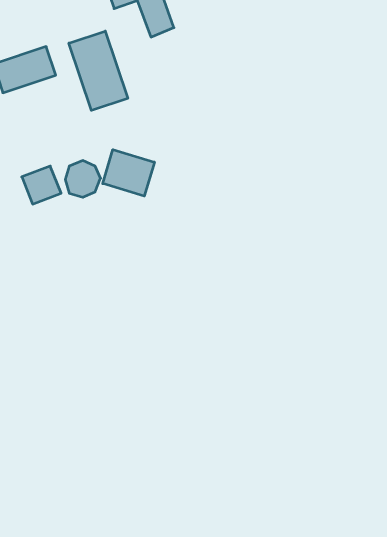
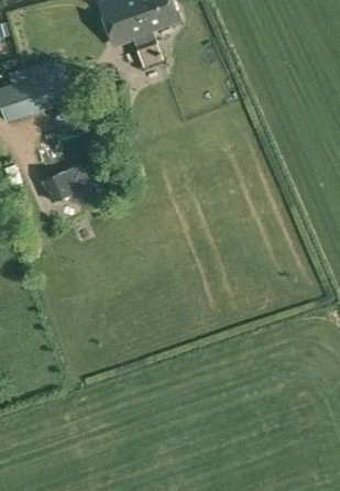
building: [69,31,128,110] -> none
building: [103,150,154,196] -> none

